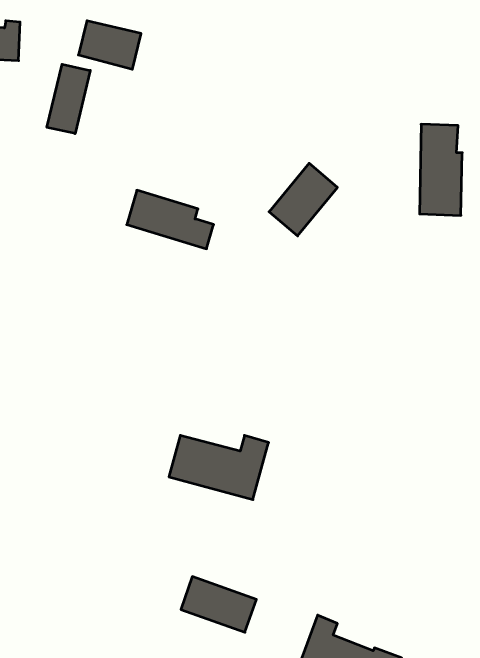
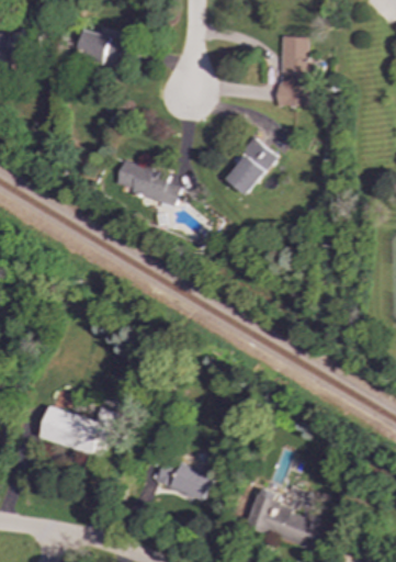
building: [47,64,90,134] -> none
building: [420,124,462,215] -> [278,35,310,105]
building: [169,435,269,500] -> [39,406,116,456]

